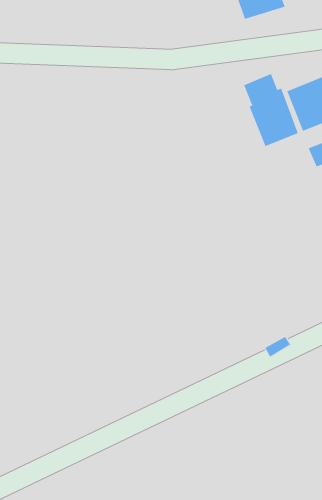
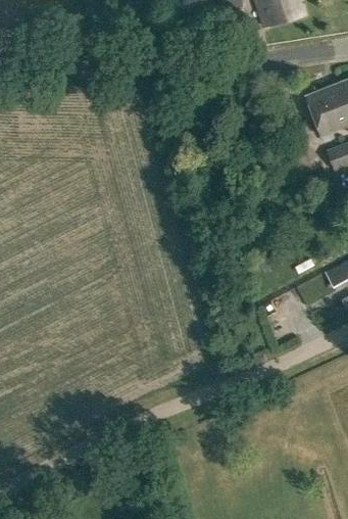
building: [243,73,299,147] -> none

